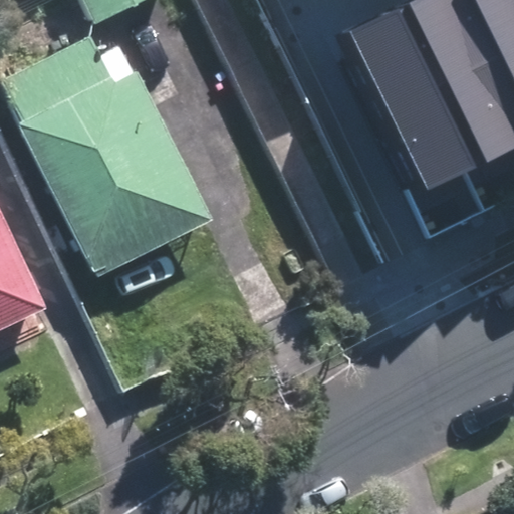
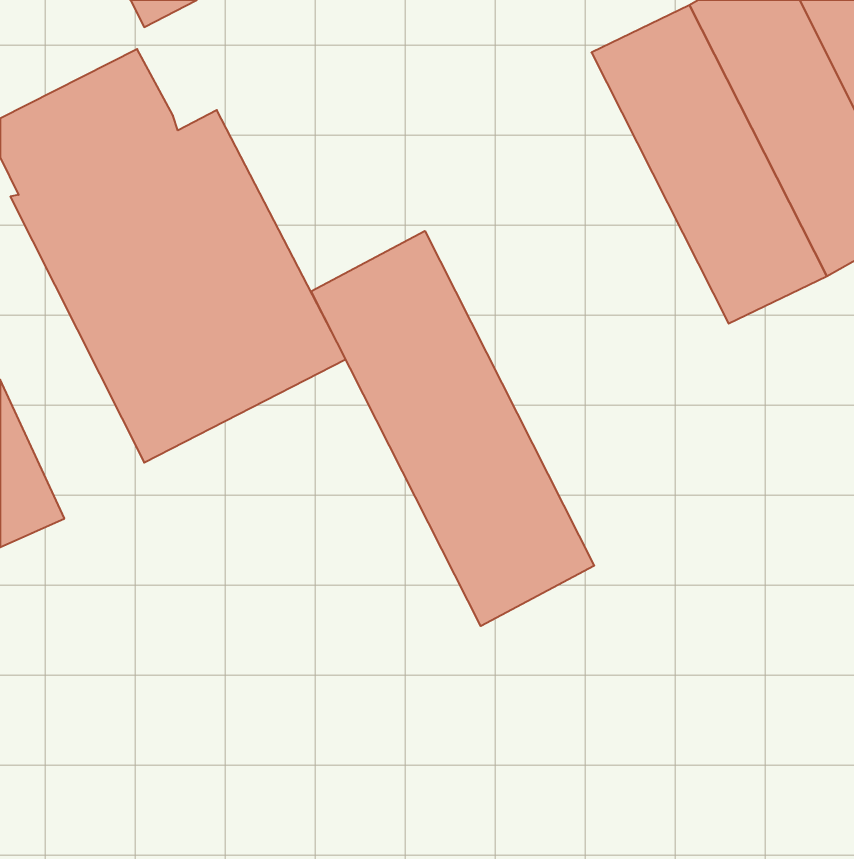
building: none -> [311,231,594,626]

